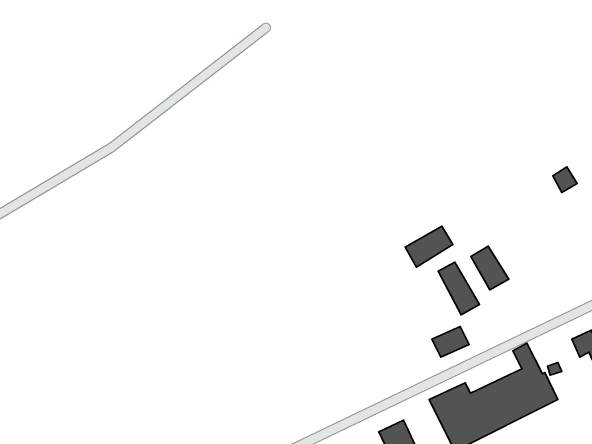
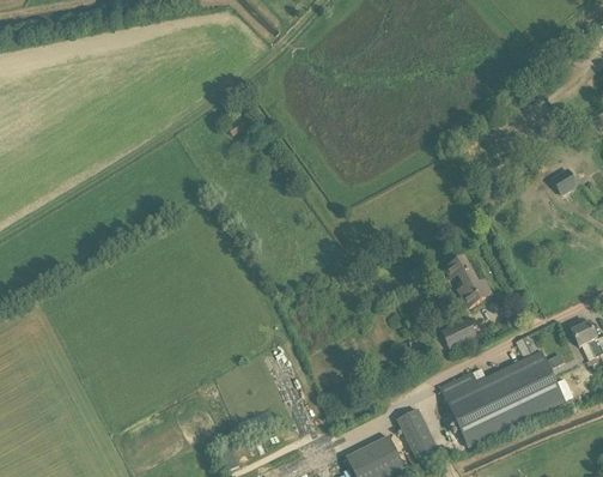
building: [405,226,453,267] -> none
building: [471,246,509,290] -> none

